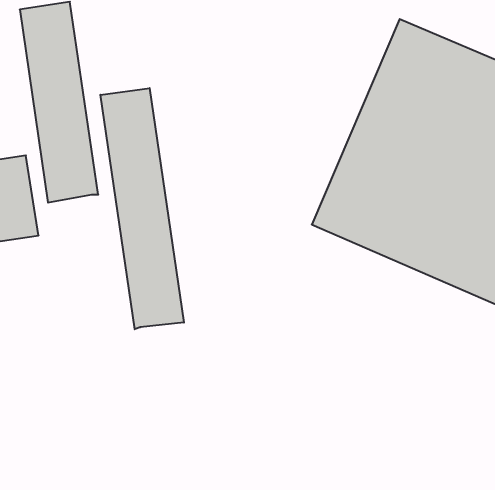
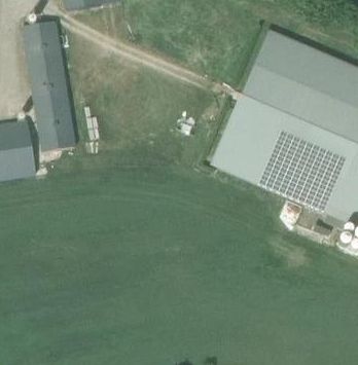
building: [100,88,184,329] -> none

